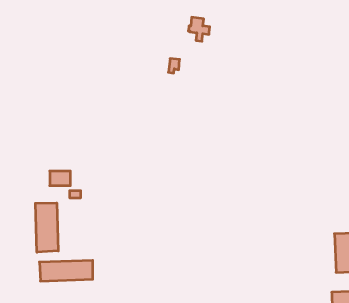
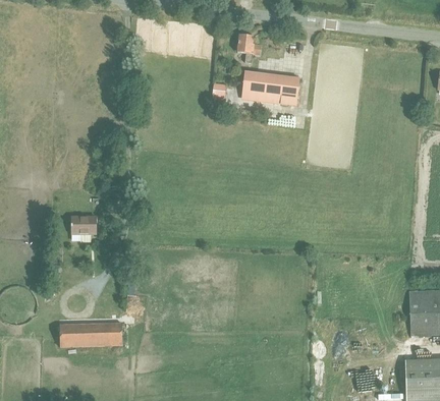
building: none -> [241,70,299,105]
building: [35,203,58,252] -> none

